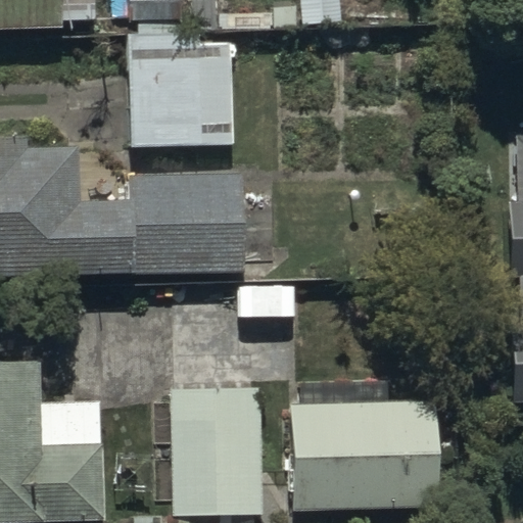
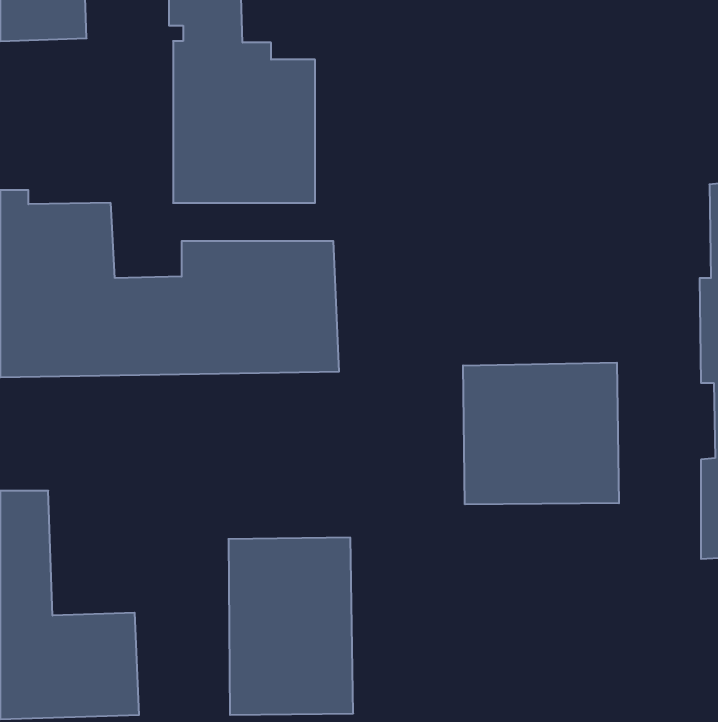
building: none -> [463,363,619,504]
building: [289,401,438,510] -> none

